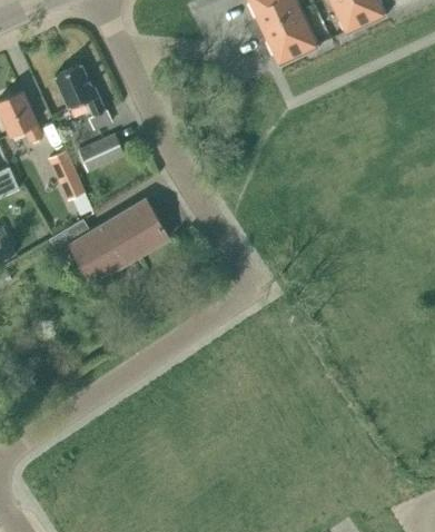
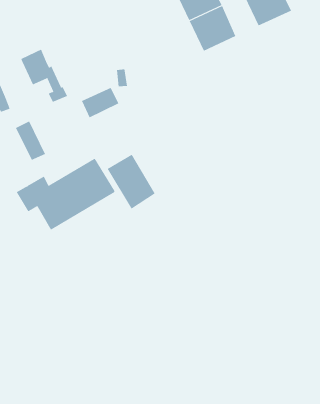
building: [78,134,125,171] -> [81,87,119,118]
building: none -> [107,154,155,209]

